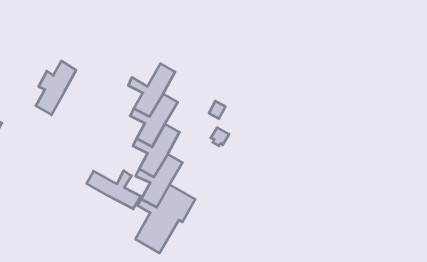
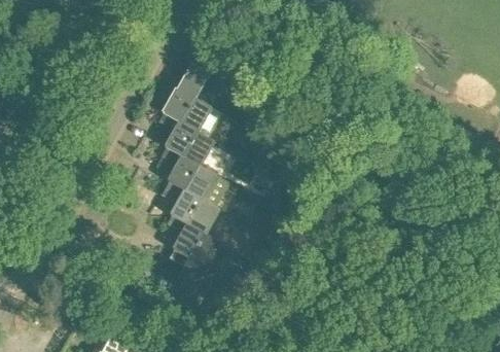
building: [36,61,76,115] -> [162,63,207,124]
building: [87,171,141,209] -> none

